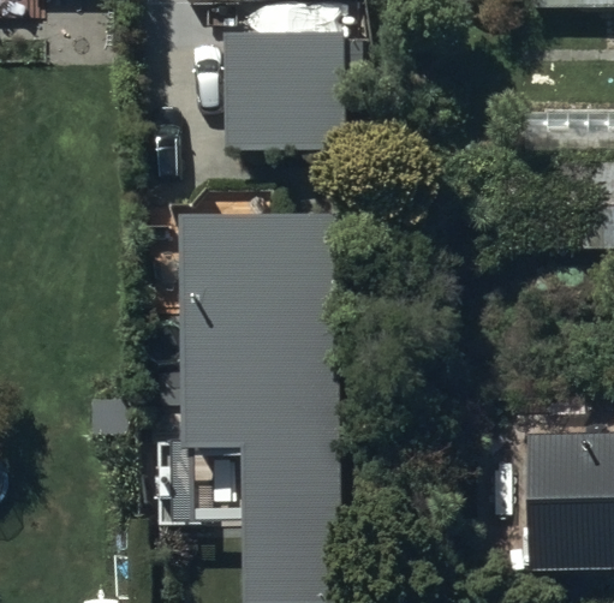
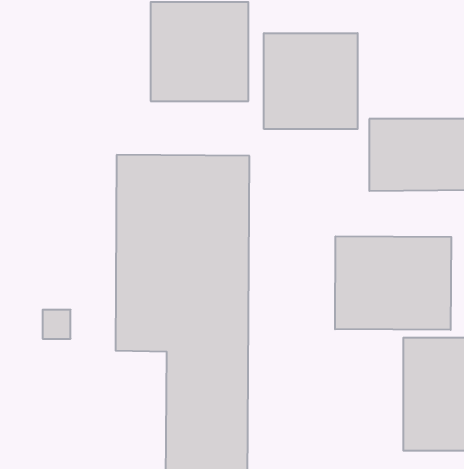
building: none -> [264,33,358,129]
building: none -> [335,236,451,330]

